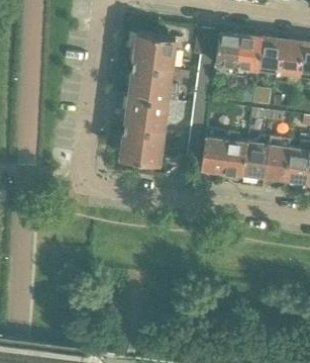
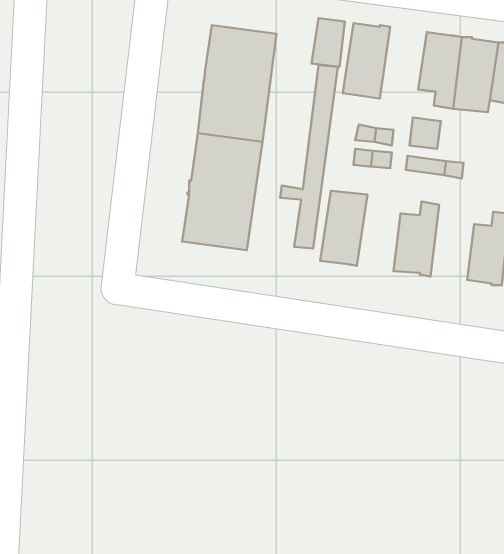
building: [235,34,263,77] -> none
building: [222,131,247,176] -> none
building: [265,138,291,181] -> none

